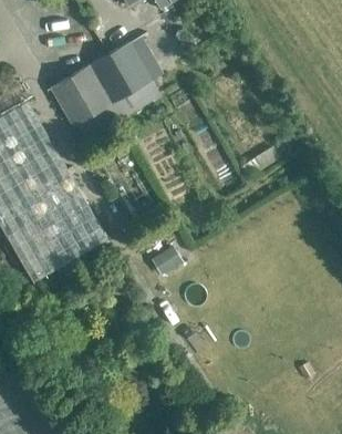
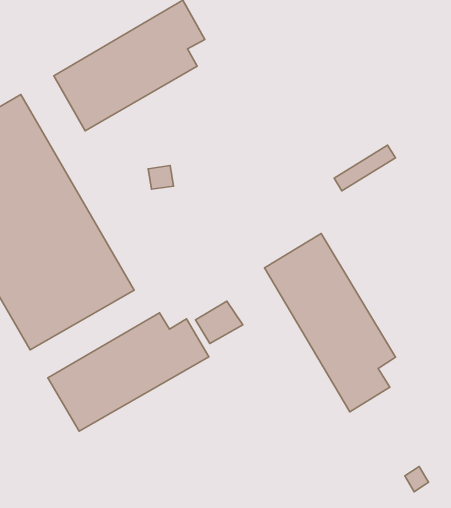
building: none -> [264,233,395,412]
building: none -> [48,313,209,431]

